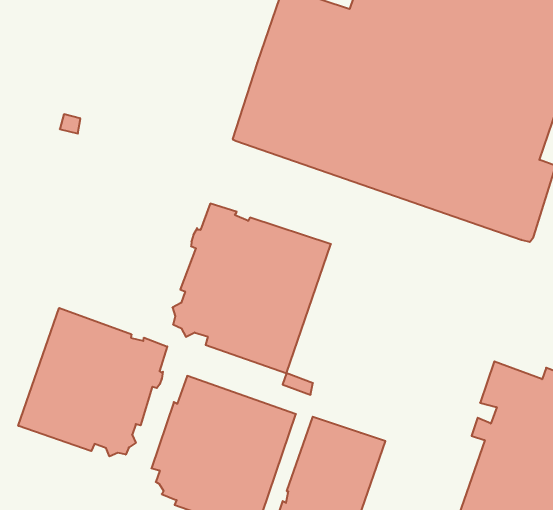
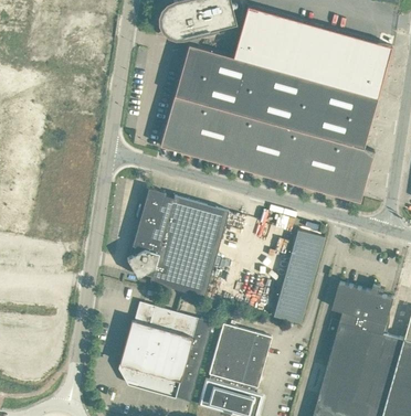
building: none -> [271,235,318,328]
building: [18,308,167,456] -> none

